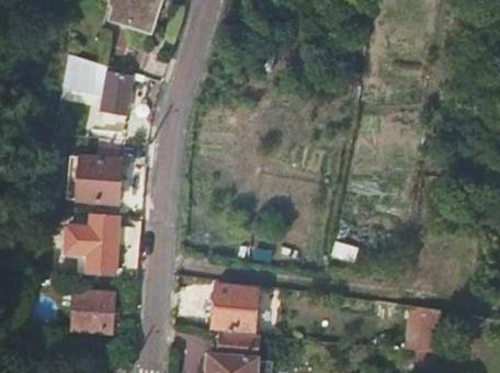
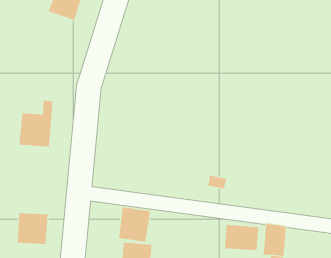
building: [61,53,132,113] -> none
building: [64,216,120,275] -> none
building: none -> [224,224,259,251]

